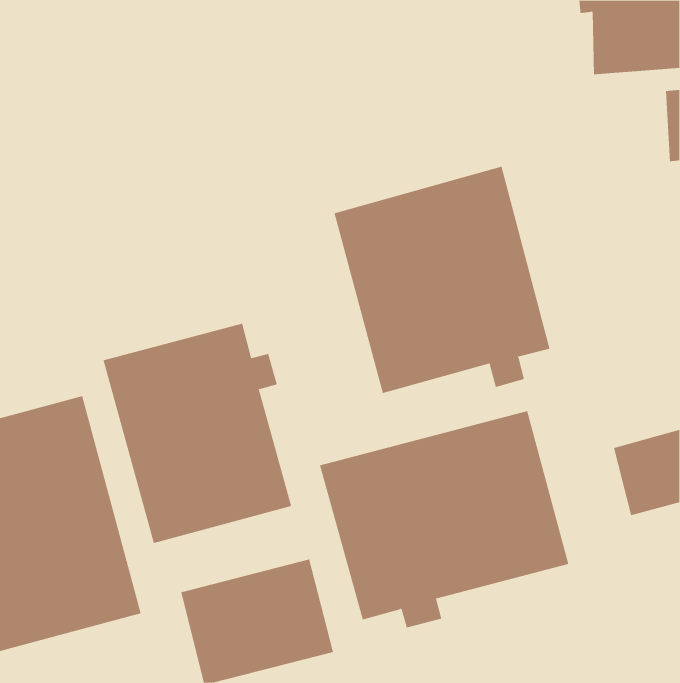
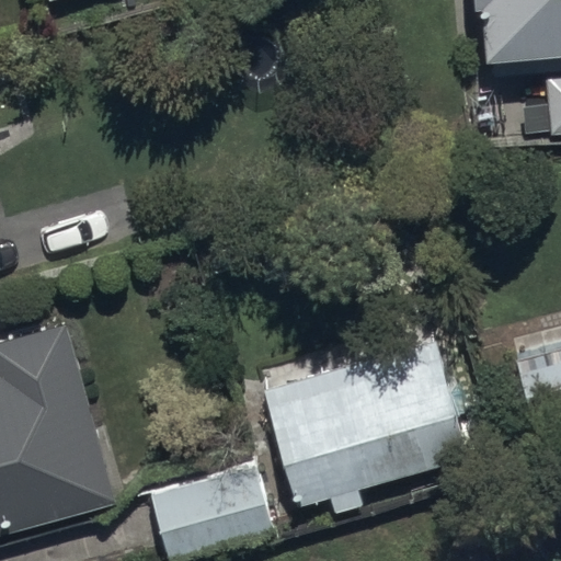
building: [334,166,550,394] -> none
building: [103,323,292,544] -> none

